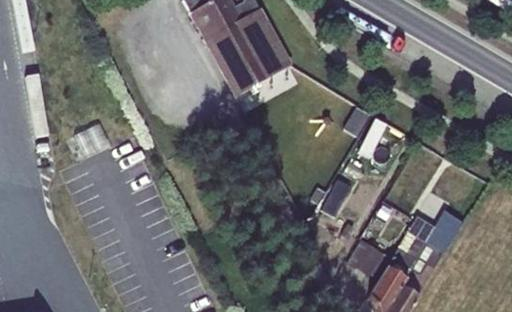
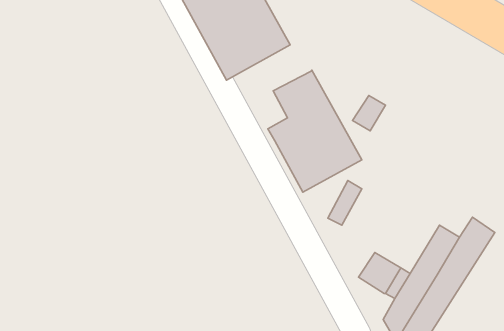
building: none -> [268,70,362,192]

